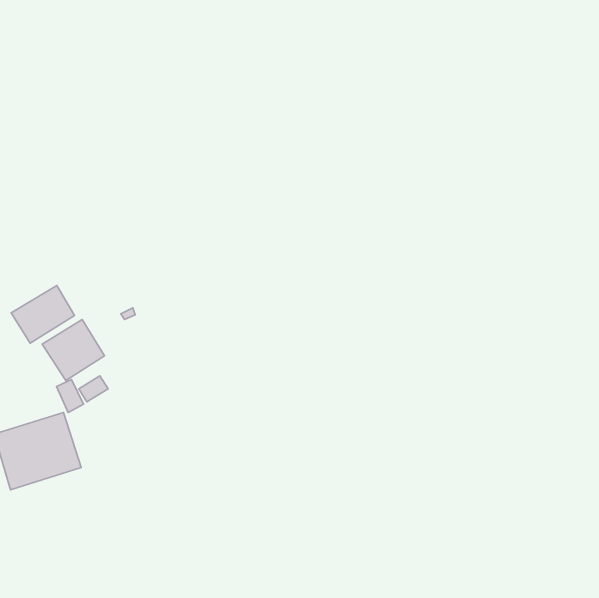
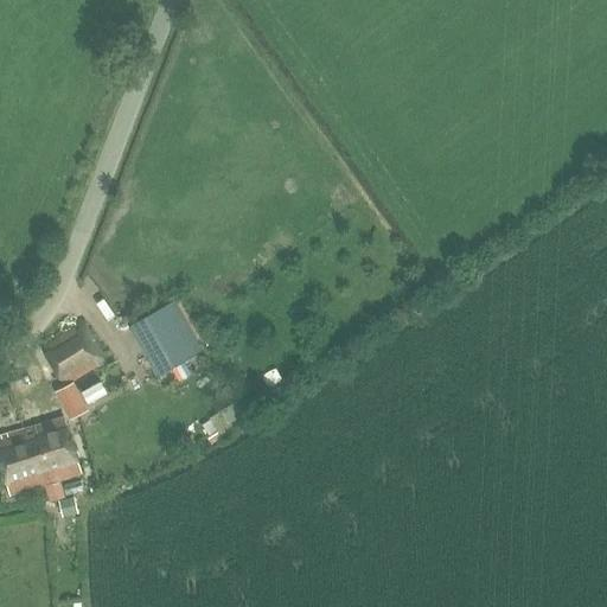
building: [11,285,75,343] -> none
building: none -> [130,302,202,378]

